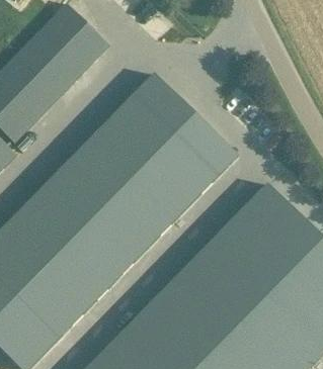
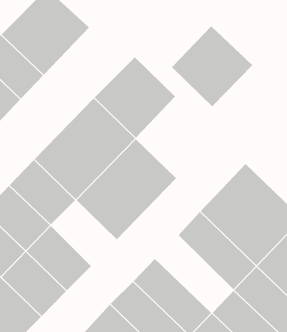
building: [156,113,239,196] -> [171,25,253,107]
building: [70,218,137,285] -> none
building: [175,254,255,333] -> none

